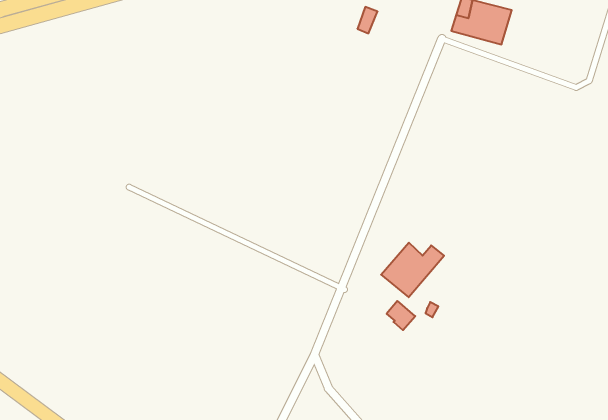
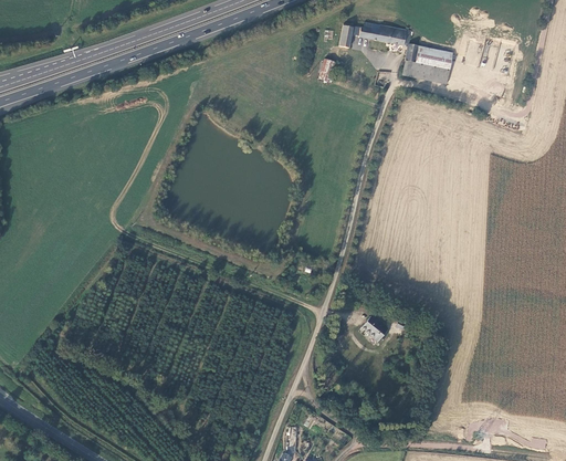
building: [381,243,444,297] -> none

